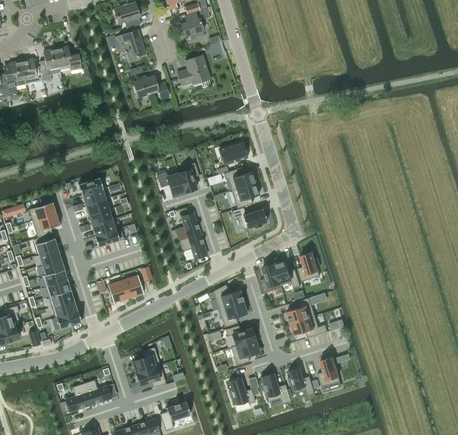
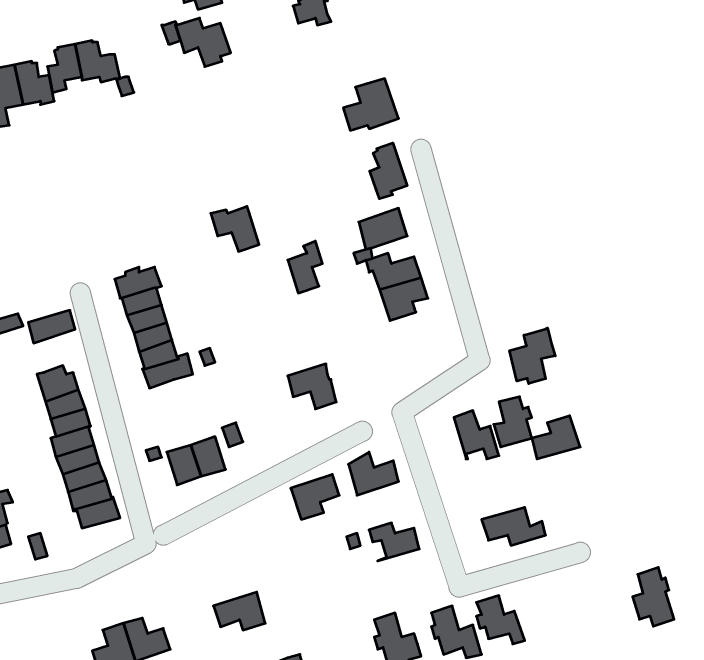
building: [177,55,209,85] -> [343,79,399,130]
building: [133,76,169,99] -> none
building: none -> [370,143,407,199]
building: [156,170,184,196] -> [211,206,259,251]
building: [231,207,266,229] -> none
building: [174,212,200,240] -> none
building: none -> [510,328,555,384]
building: [31,213,59,238] -> none
building: [260,264,281,293] -> none
building: [287,298,315,323] -> [532,416,580,459]
building: [218,301,246,327] -> [291,474,339,519]
building: [230,340,258,365] -> none
building: [132,347,160,373] -> none
building: [317,357,341,391] -> [633,567,674,626]

